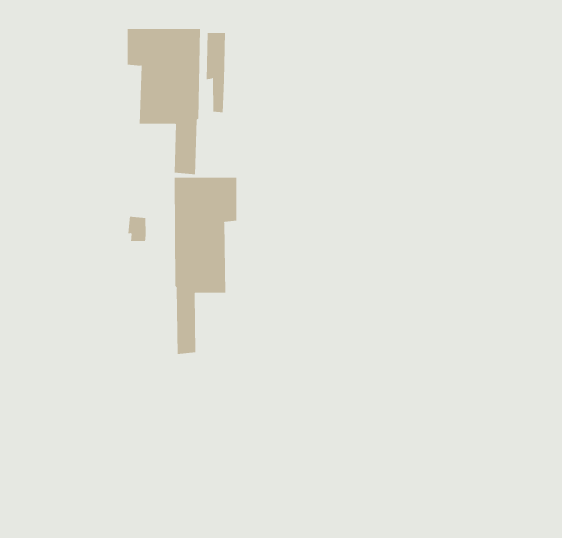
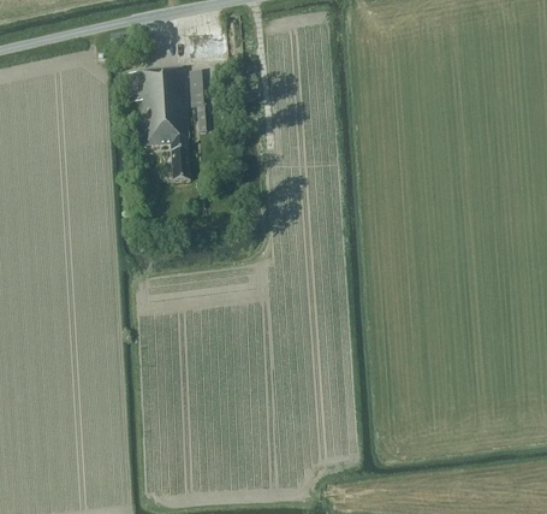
building: [174,177,237,355] -> none

